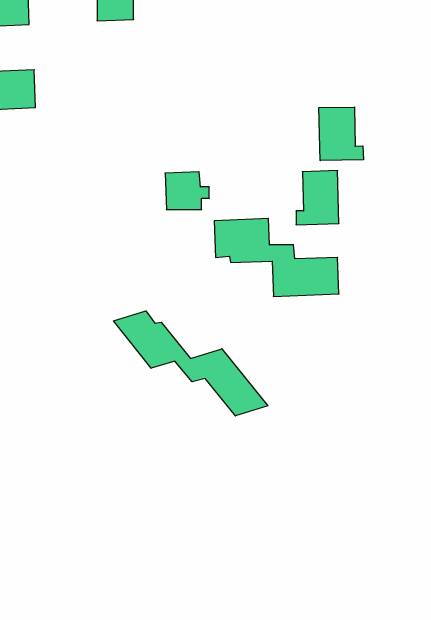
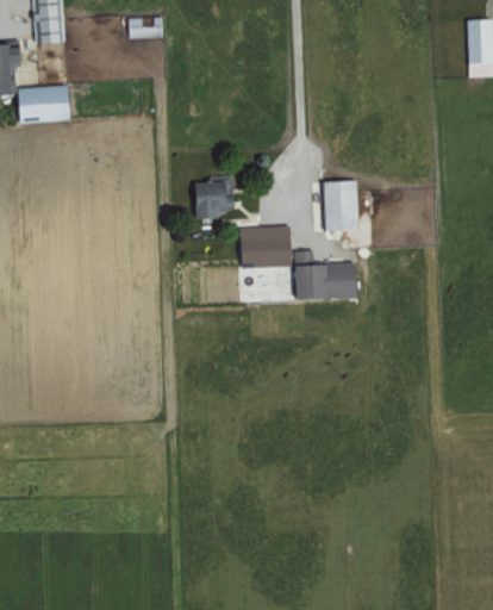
building: [319,107,363,161] -> none
building: [113,311,268,416] -> none

